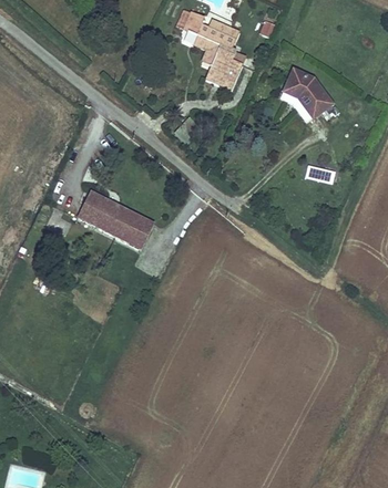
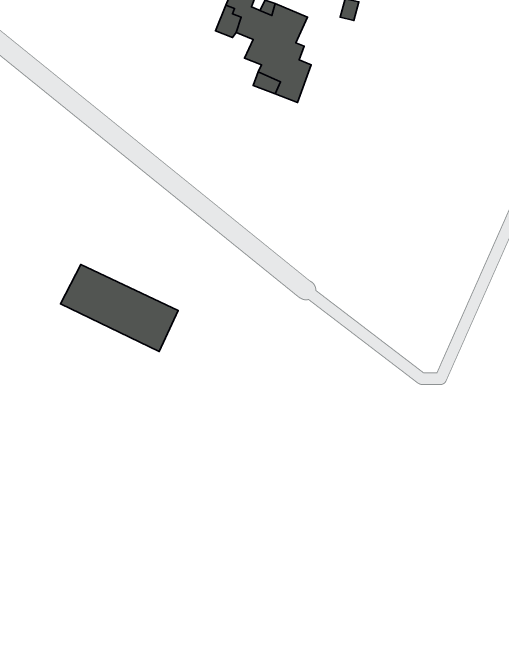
building: [282,66,331,121] -> none

